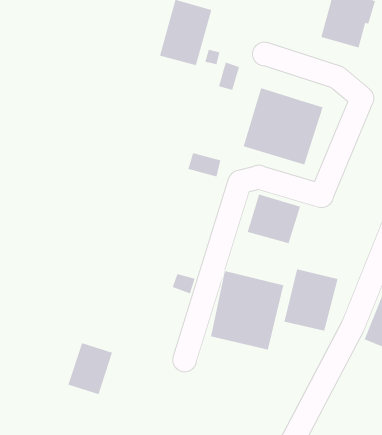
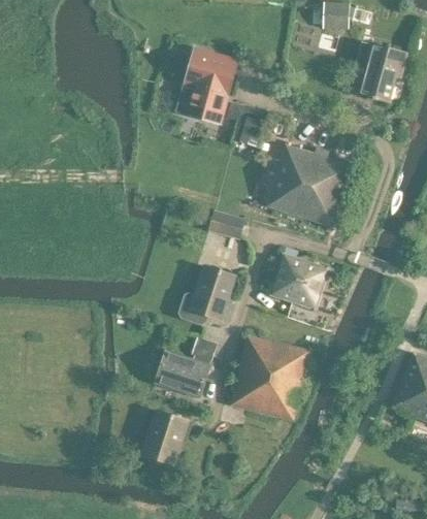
building: none -> [178,266,234,324]
building: [284,269,338,331] -> none
building: none -> [154,351,209,396]
building: [68,343,113,395] -> [140,410,188,464]

